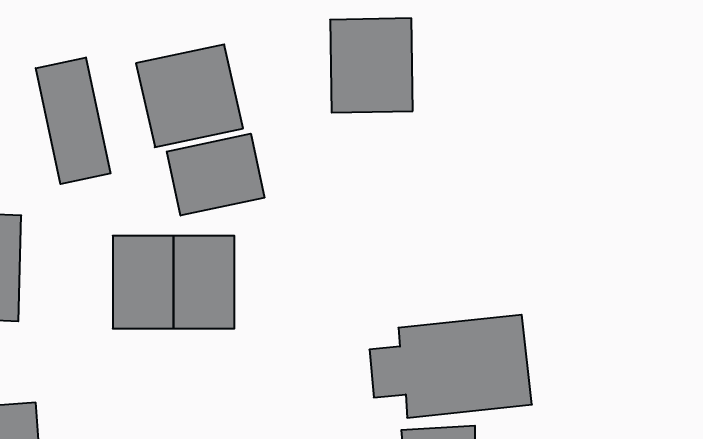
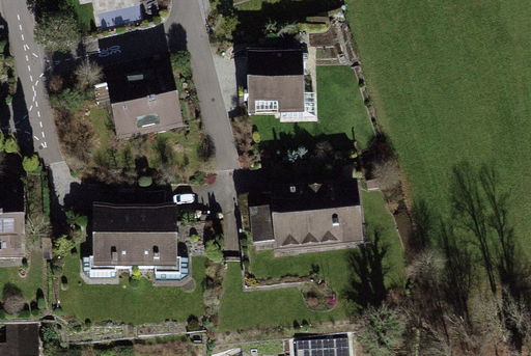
building: [36,57,111,184] -> none
building: [167,134,264,216] -> none
building: [369,315,532,418] -> [247,182,363,255]

